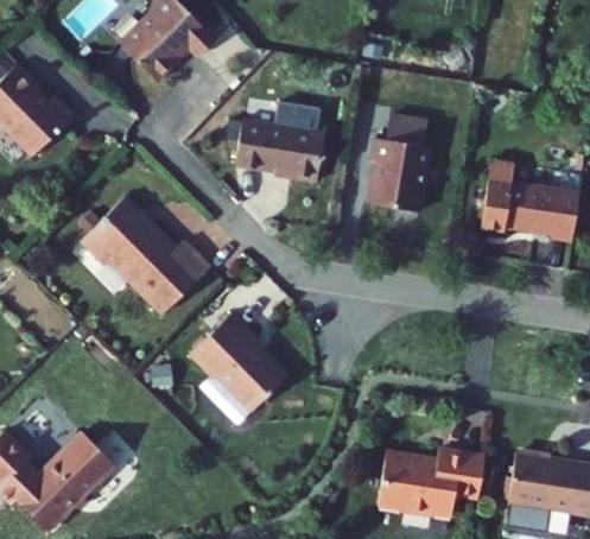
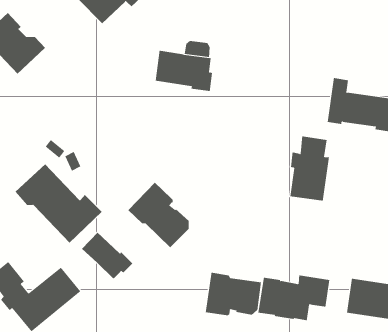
building: [369,115,429,211] -> [289,136,330,201]
building: [76,192,205,310] -> [15,163,103,243]
building: none -> [81,232,133,279]
building: none -> [205,272,262,316]

